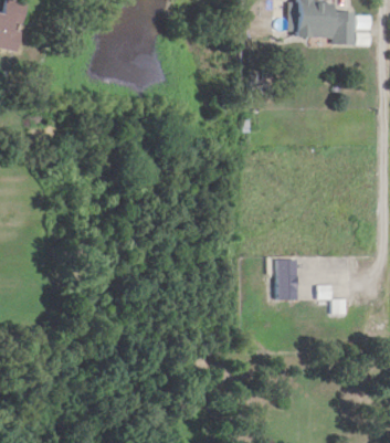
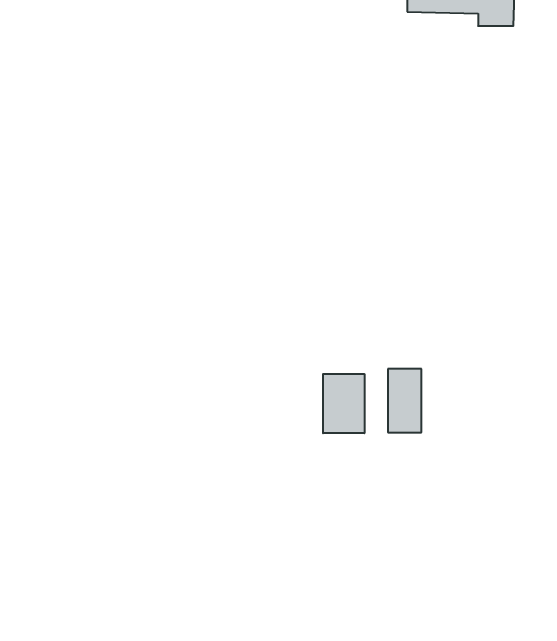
building: none -> [323,374,364,433]

